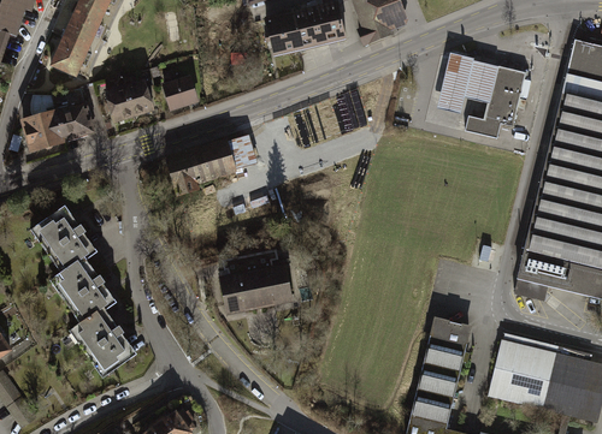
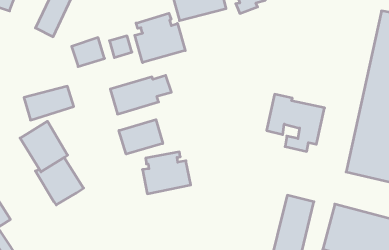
building: none -> [135,13,185,63]
building: [439,50,526,136] -> [267,94,325,151]
building: [24,102,99,153] -> [24,86,74,120]
building: none -> [119,120,163,154]
building: [73,310,146,380] -> none

